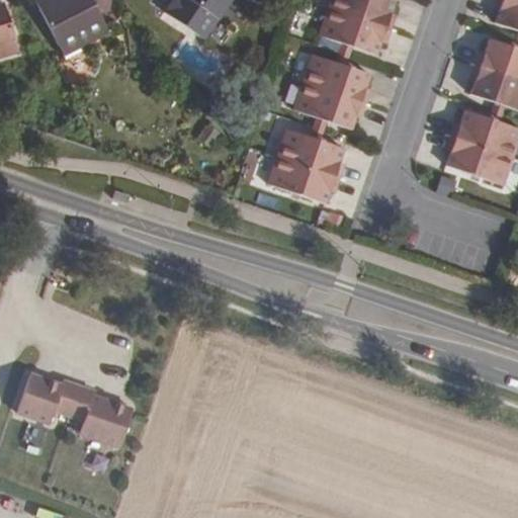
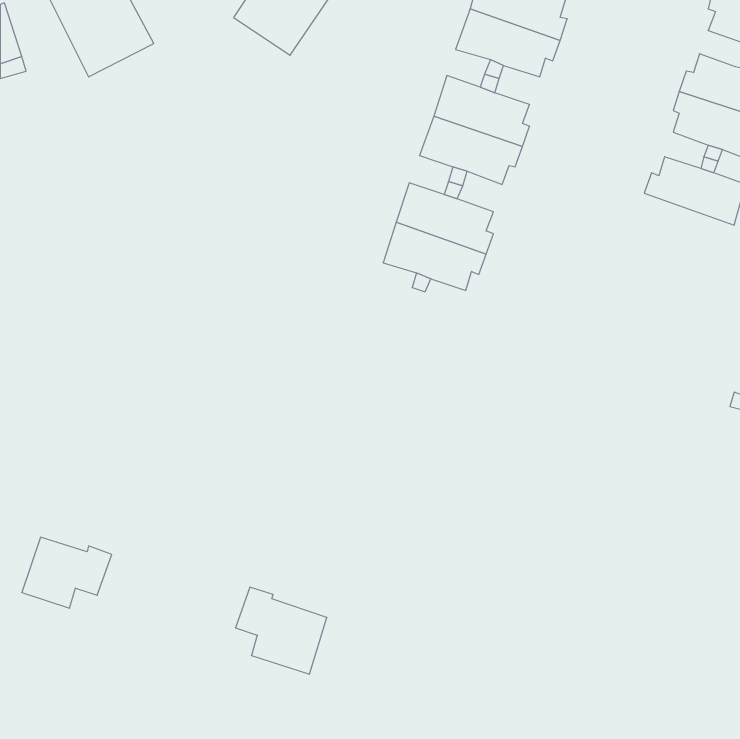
building: [446,135,513,184] -> none
building: [69,386,133,447] -> [235,587,327,674]

